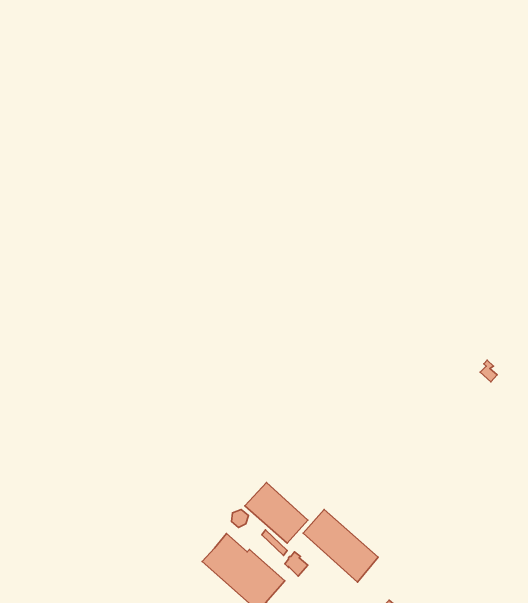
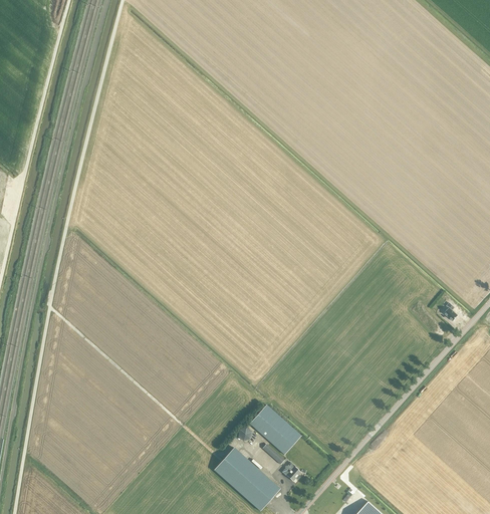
building: [303,510,378,582] -> none

